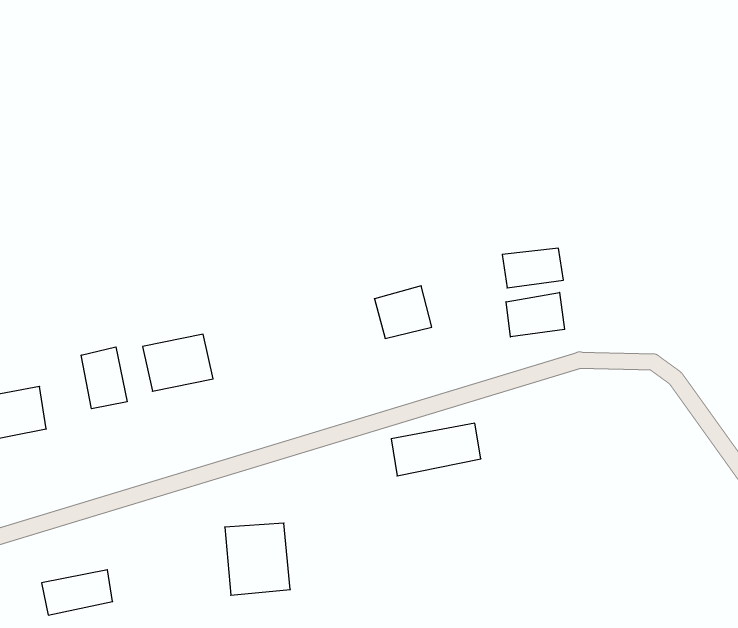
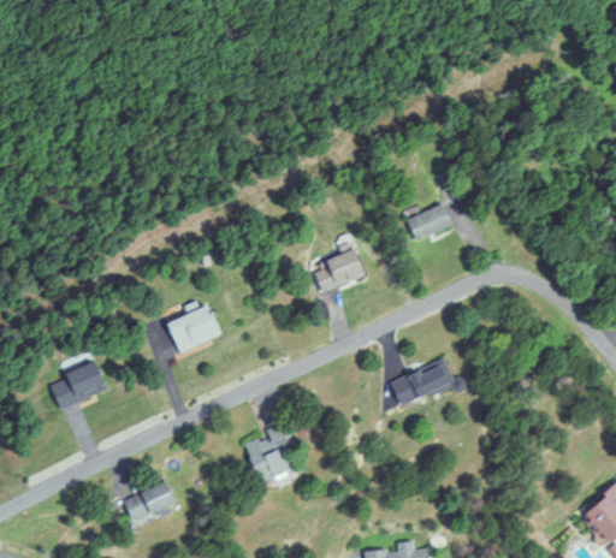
building: [506,292,565,337] -> none
building: [81,347,127,409] -> none
building: [391,423,481,476] -> [390,361,455,406]

